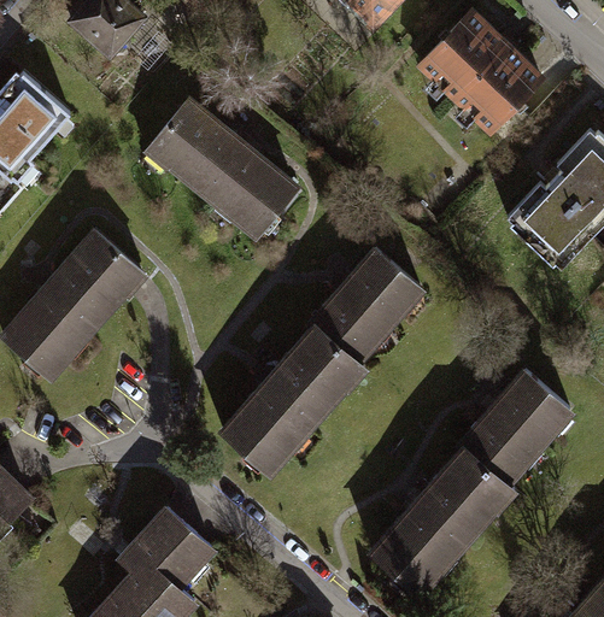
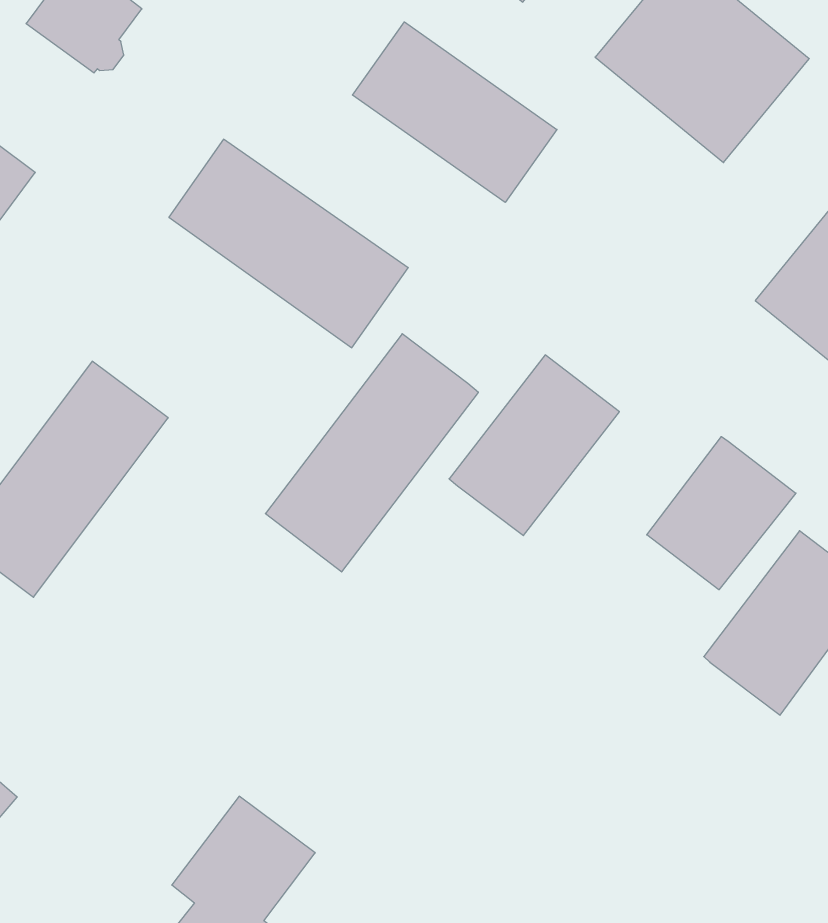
building: none -> [352,22,557,202]
building: none -> [647,437,796,590]
building: [223,328,360,472] -> [265,334,478,572]
building: [371,448,510,594] -> none

